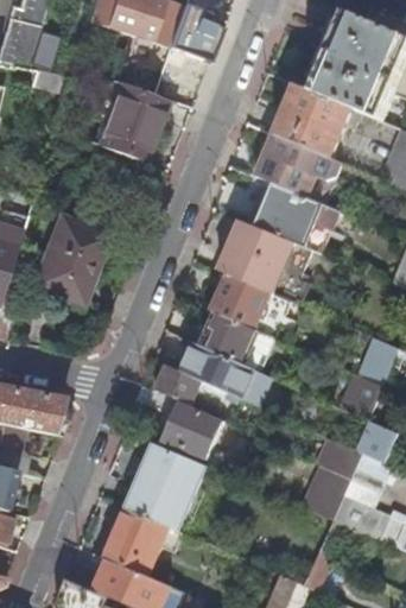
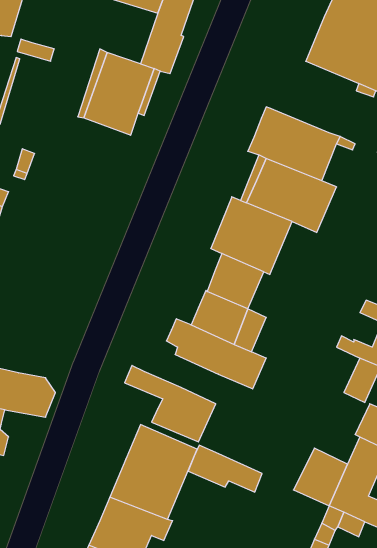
building: [275,83,353,158] -> none
building: [31,213,107,299] -> none
building: [154,363,226,408] -> [188,445,262,492]

